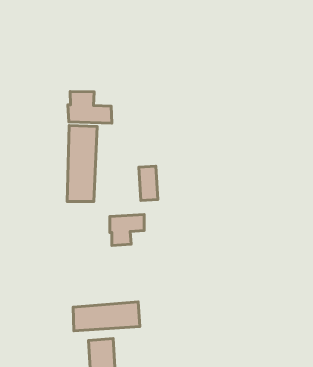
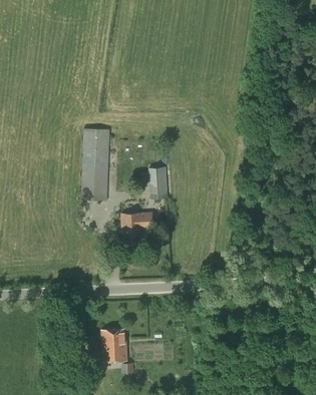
building: [68,91,112,123] -> none
building: [73,302,140,331] -> none

